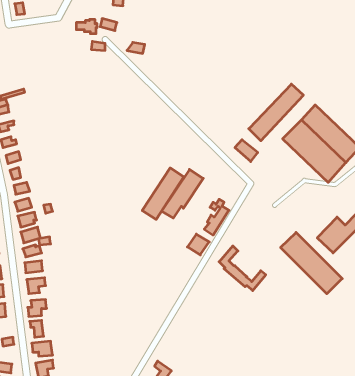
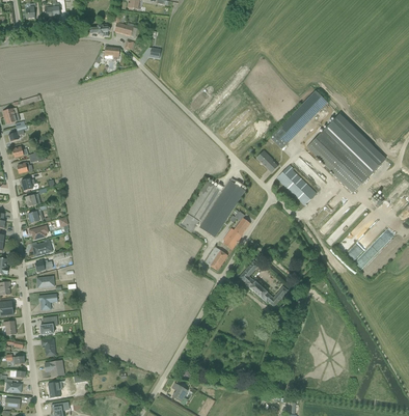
building: none -> [277,165,319,206]
building: [142,168,184,219] -> [201,182,245,235]
building: [281,232,342,294] -> none

